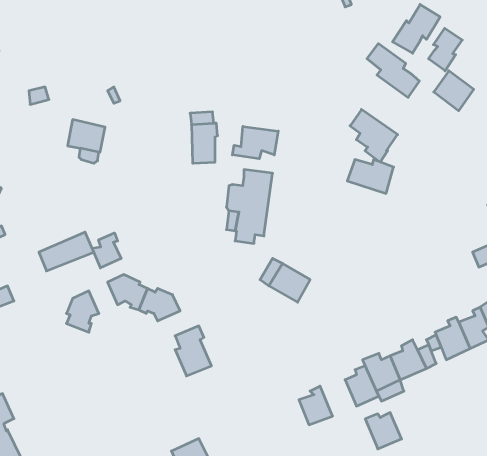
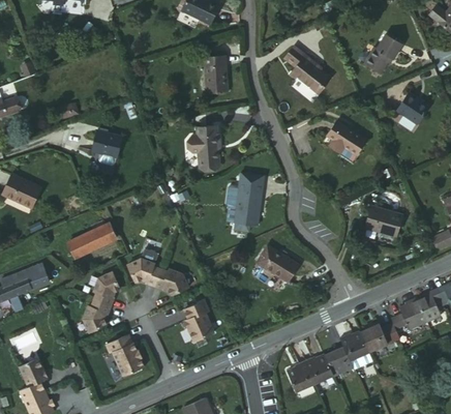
building: none -> [204,55,228,94]
building: [429,28,462,71] -> none
building: [367,44,419,97] -> [285,49,329,93]
building: [232,126,278,159] -> none
building: [347,160,394,193] -> [363,209,401,237]
building: [92,233,121,268] -> none
building: none -> [83,300,112,333]
building: none -> [104,334,143,376]
building: [365,413,402,449] -> [303,347,333,377]

